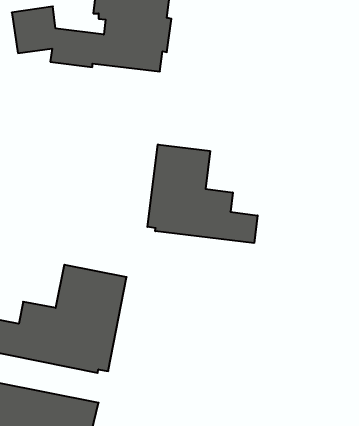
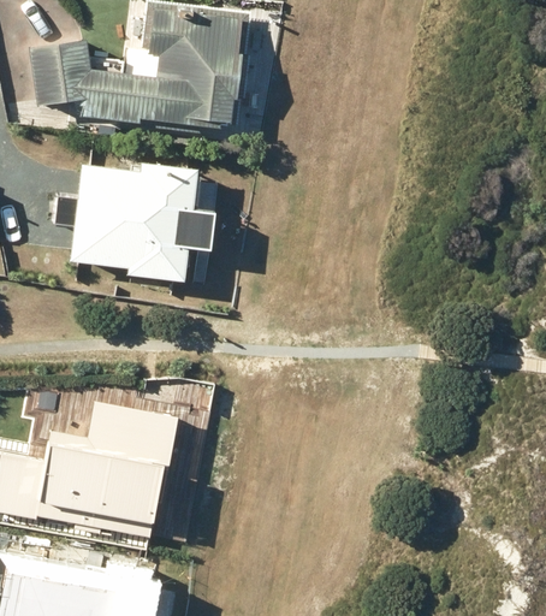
building: none -> [55,161,216,280]
building: [147,144,258,243] -> none

